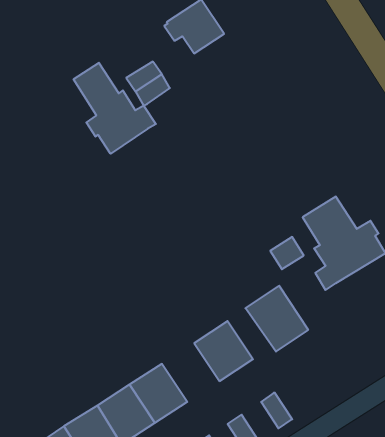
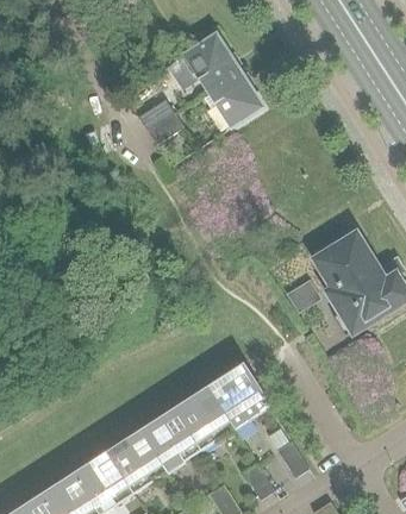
building: none -> [202,68,262,127]
building: [74,63,156,154] -> none
building: [245,286,308,352] -> none
building: none -> [174,387,233,447]

